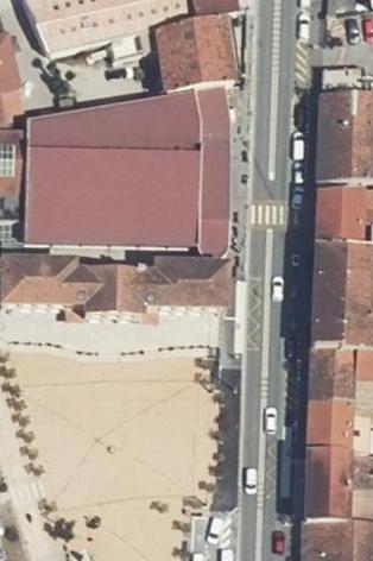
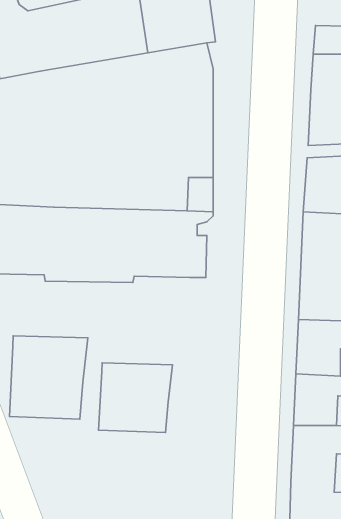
building: none -> [9,336,88,419]
building: none -> [99,363,173,433]

